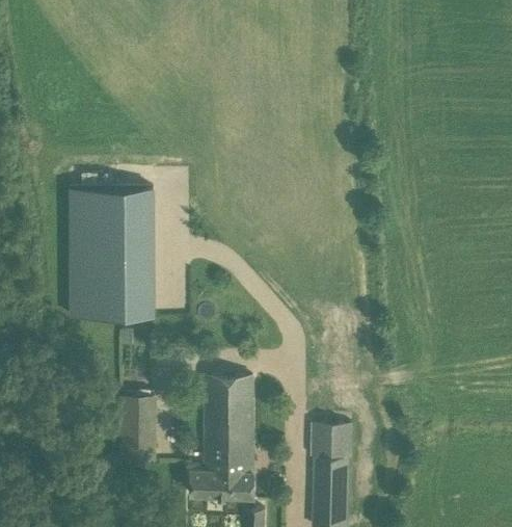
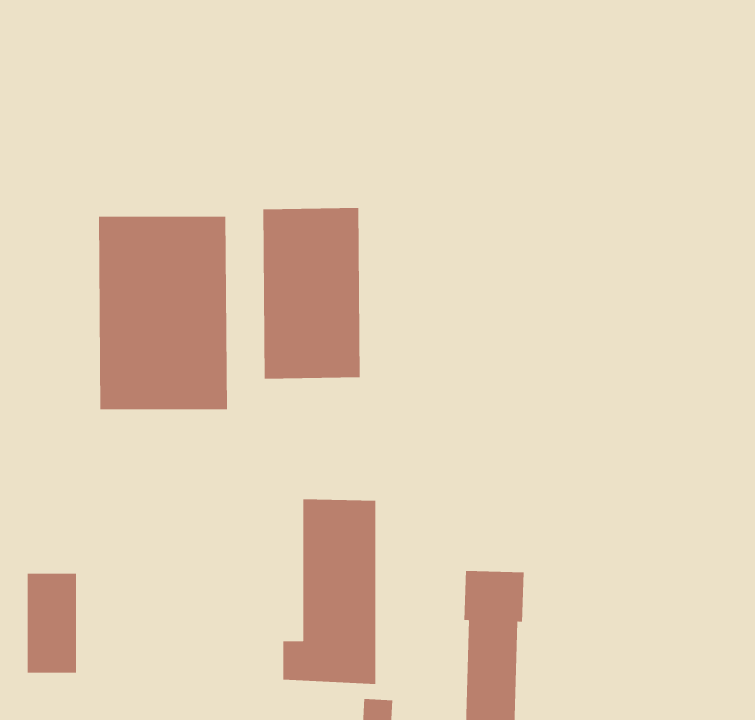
building: none -> [263,207,360,380]
building: [120,398,154,465] -> [27,573,77,673]

